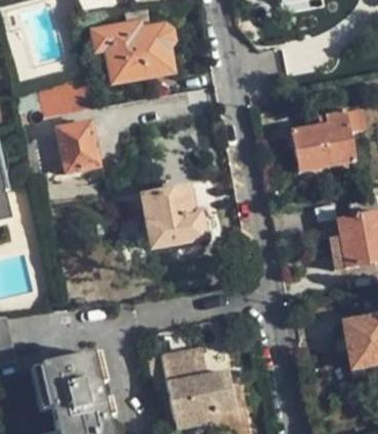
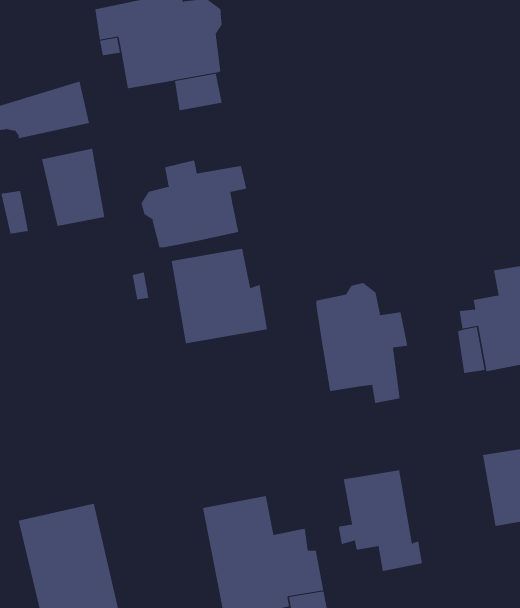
building: [294,107,365,168] -> none
building: none -> [141,159,247,248]
building: none -> [316,282,408,404]
building: none -> [338,469,422,572]

